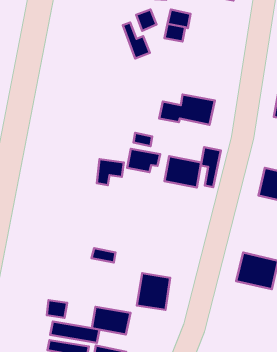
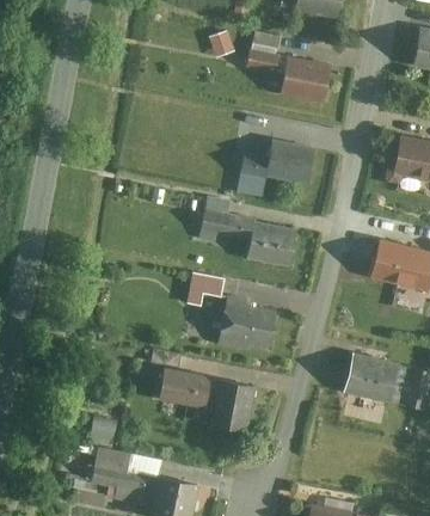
building: [123,22,150,58] -> none
building: none -> [280,57,328,100]
building: [201,147,221,187] -> none
building: [97,159,124,185] -> [188,272,223,307]
building: none -> [219,306,275,350]
building: [92,307,130,334] -> [160,370,211,407]

